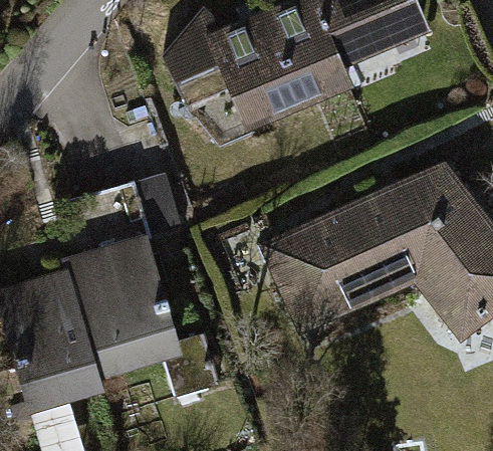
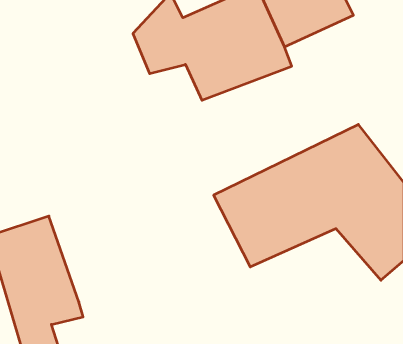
building: [59,191,186,376] -> none

